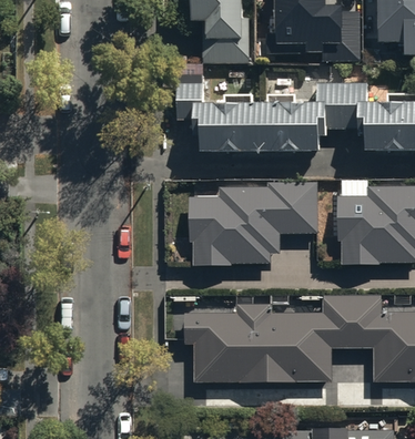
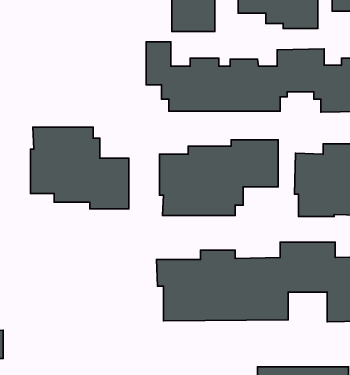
building: none -> [30,127,129,209]

